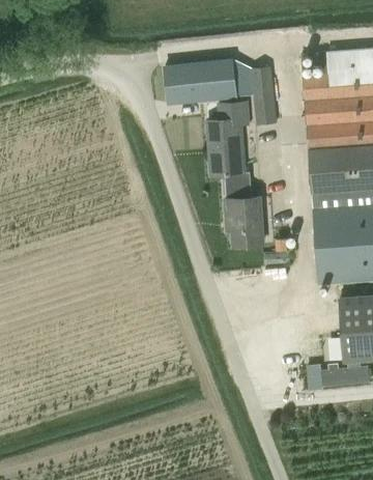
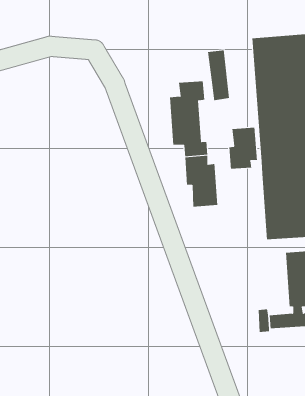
building: [164,59,236,105] -> none
building: none -> [229,127,257,170]

